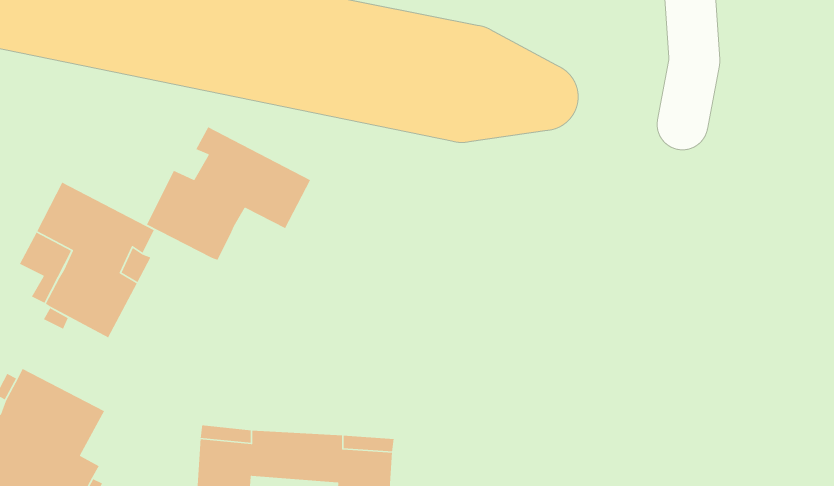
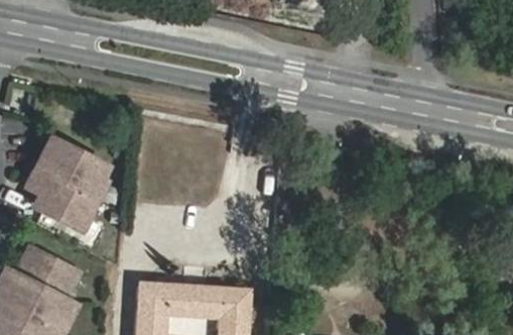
building: [146,126,311,261] -> none

